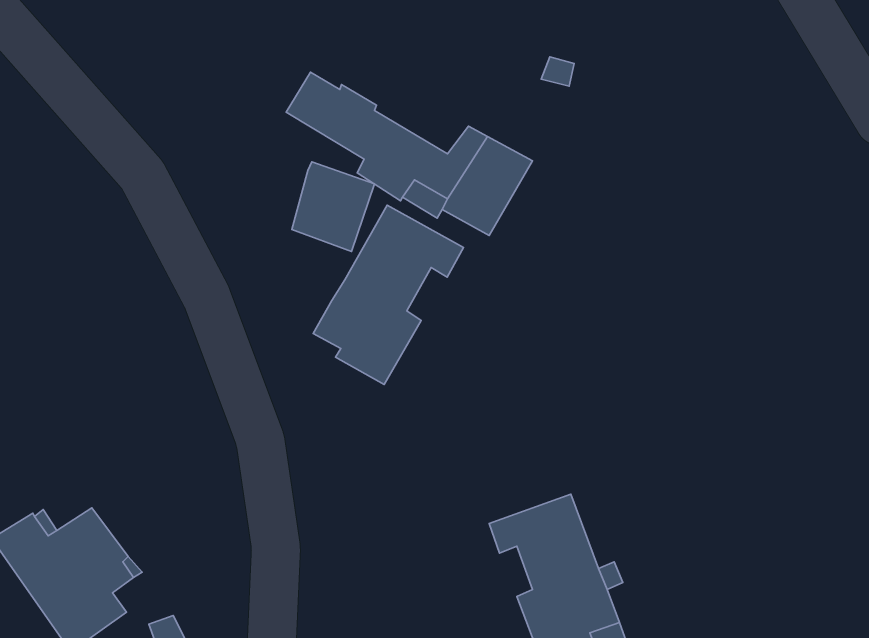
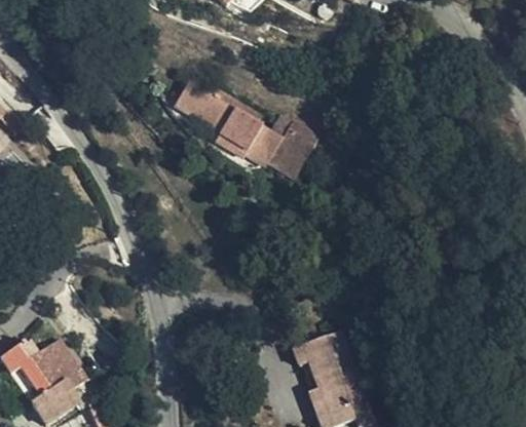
building: [292,162,374,251] -> none
building: [313,205,463,385] -> none

